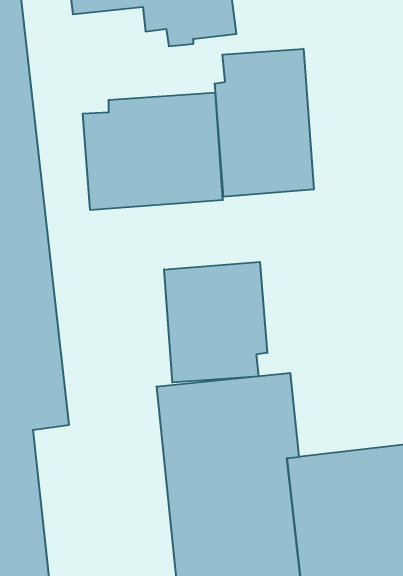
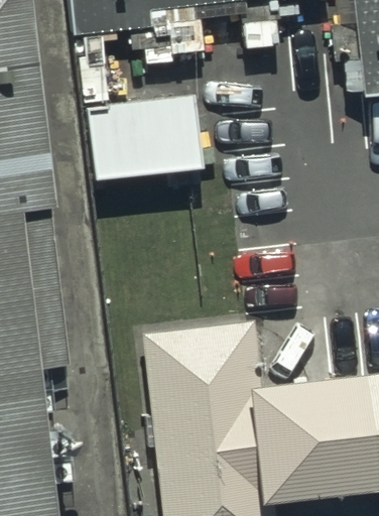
building: [215,49,314,197] -> none
building: [164,262,267,383] -> none

